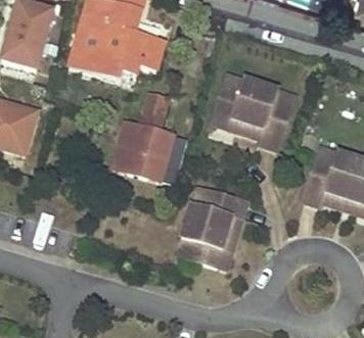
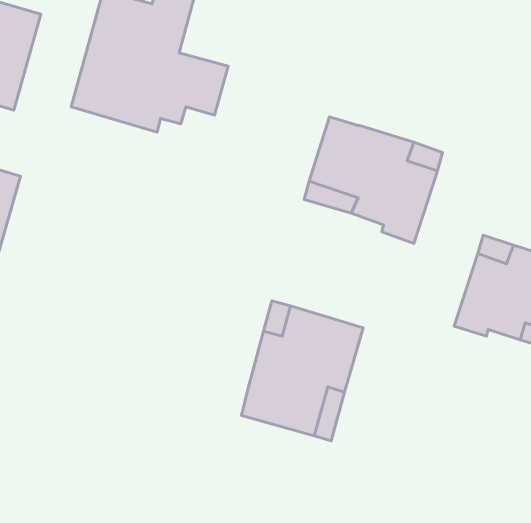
building: [109,95,184,187] -> none

